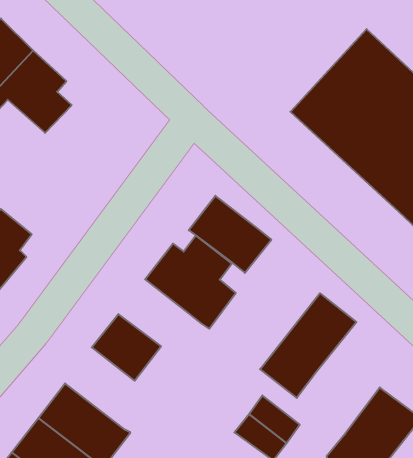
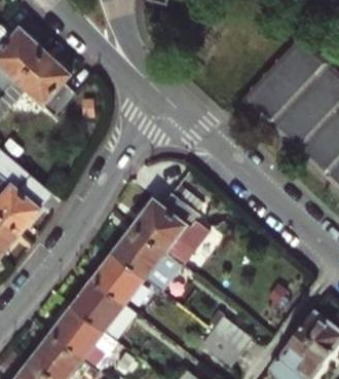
building: [189,196,271,273] -> [111,226,175,286]
building: [260,293,356,398] -> none
building: none -> [70,278,137,342]

